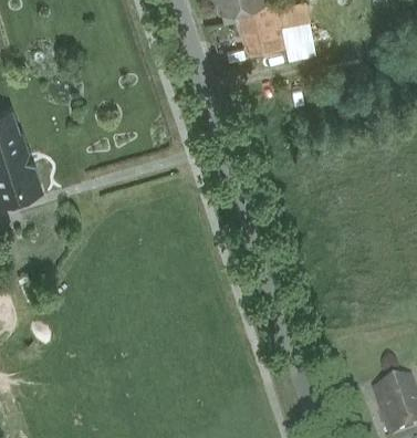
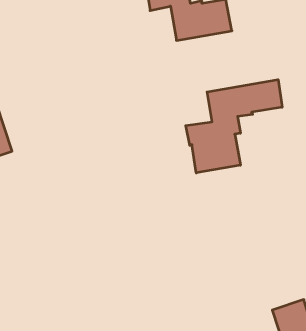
building: none -> [186,80,282,173]

